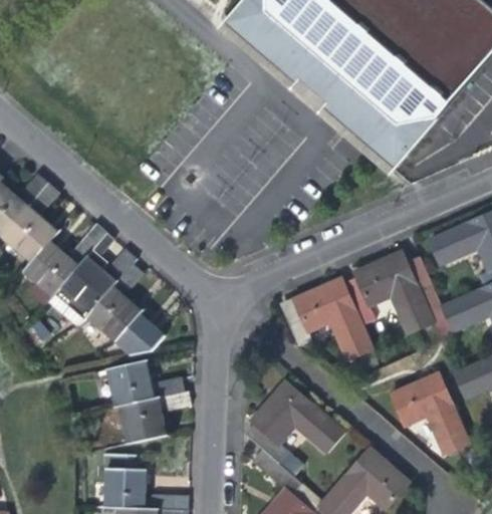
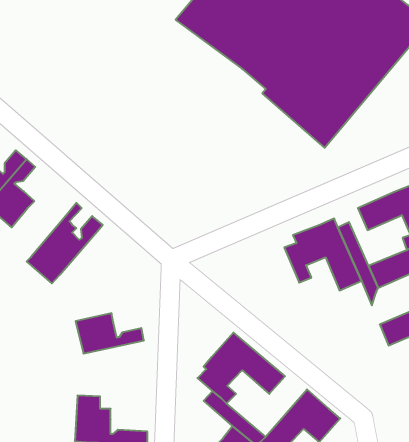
building: [24,224,106,295] -> none
building: [87,263,165,353] -> none
building: [281,277,373,359] -> none
building: [391,371,469,454] -> none
building: [118,390,191,444] -> none

